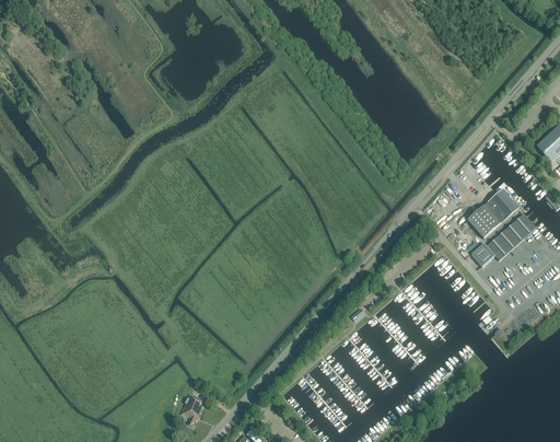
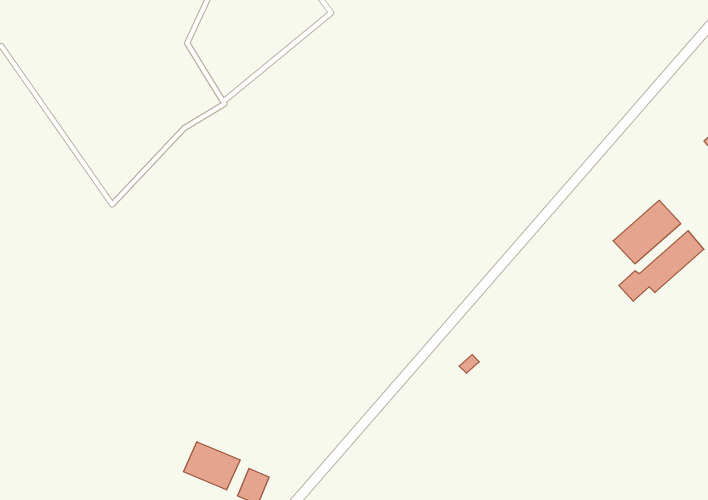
building: none -> [183,442,240,490]

